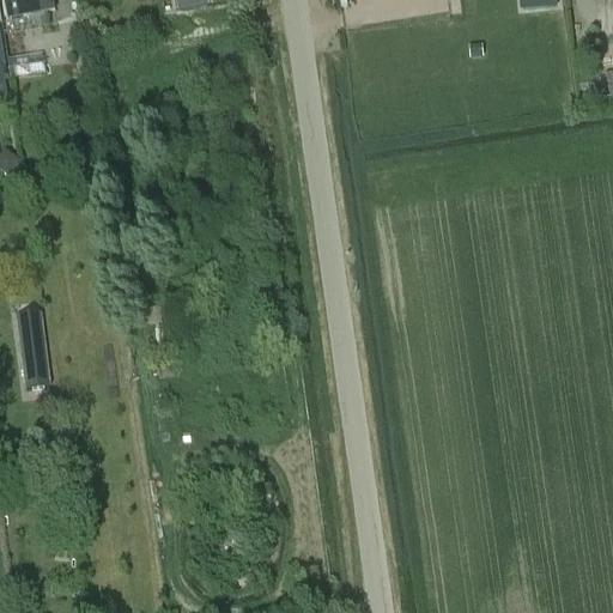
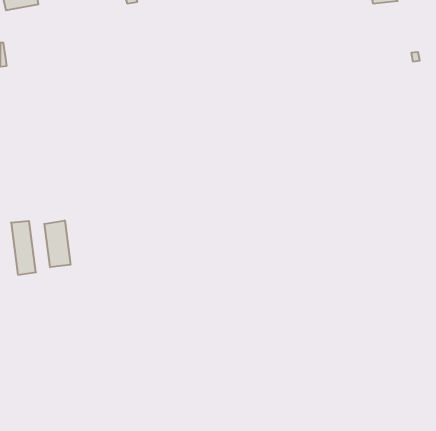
building: none -> [44,220,71,267]

